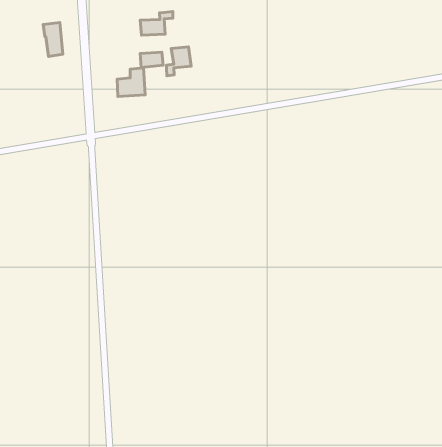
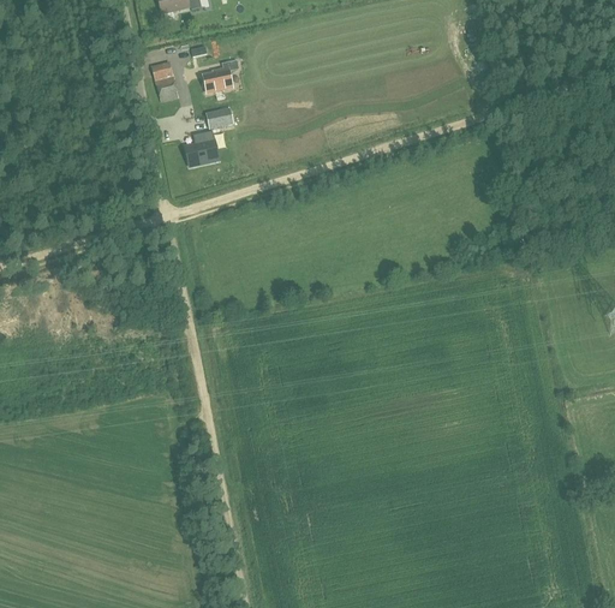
building: [43,22,63,56] -> [151,61,178,101]
building: [166,47,191,76] -> none

